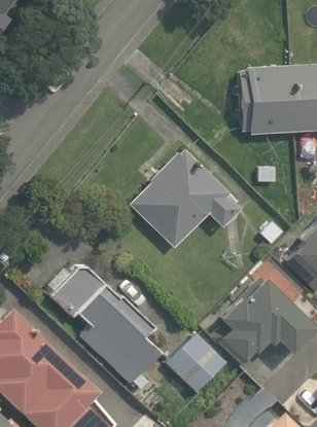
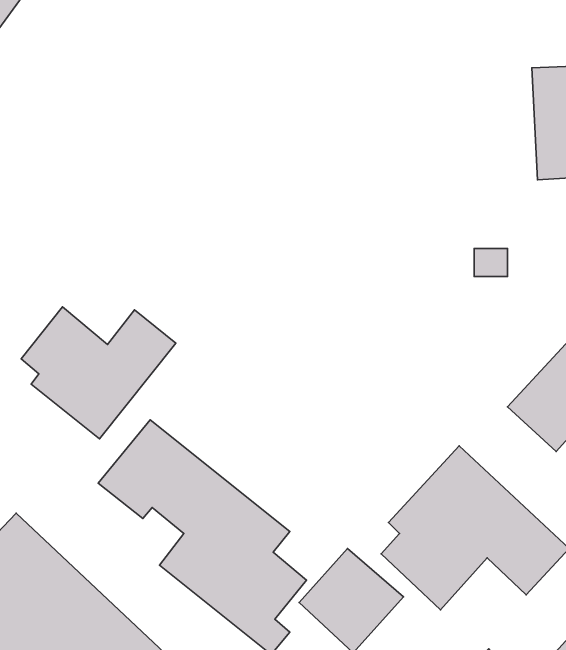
building: [244,65,298,130] -> none
building: [131,153,242,247] -> none
building: none -> [21,307,176,439]

